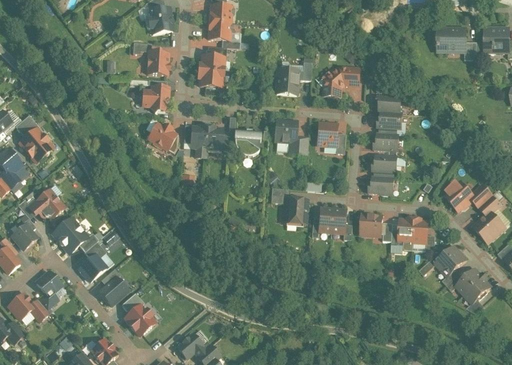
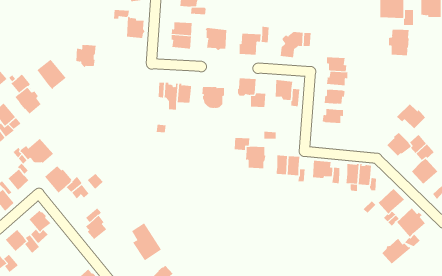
building: none -> [205,27,227,51]
building: none -> [388,29,409,56]
building: [145,86,169,113] -> [75,45,96,68]
building: none -> [36,59,67,90]
building: [148,123,177,150] -> none
building: none -> [396,103,426,129]
building: [369,176,394,195] -> none
building: [80,254,107,281] -> none
building: [121,292,156,336] -> [131,223,162,261]
building: none -> [381,238,411,264]

